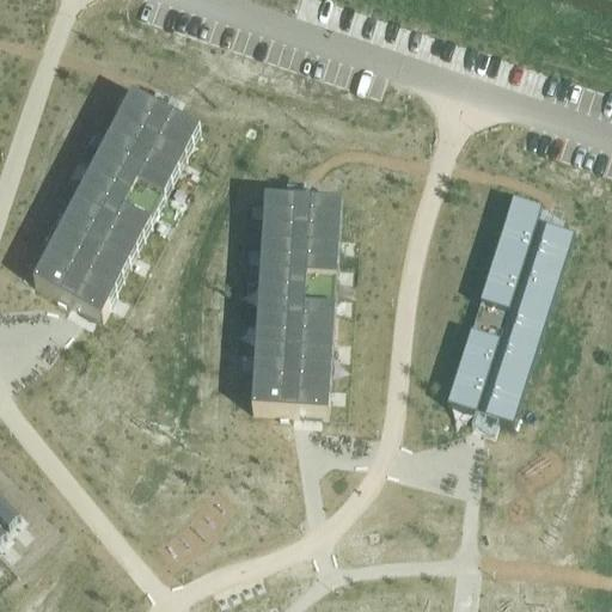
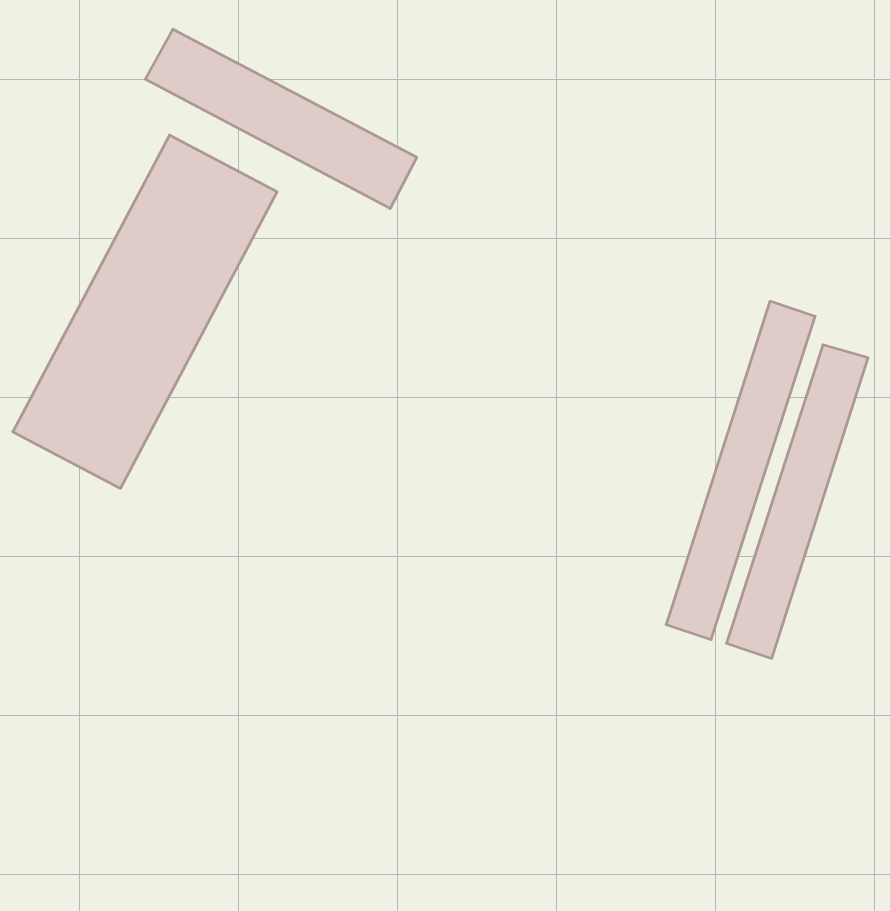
building: none -> [145,29,417,209]
building: [251,191,341,408] -> none

